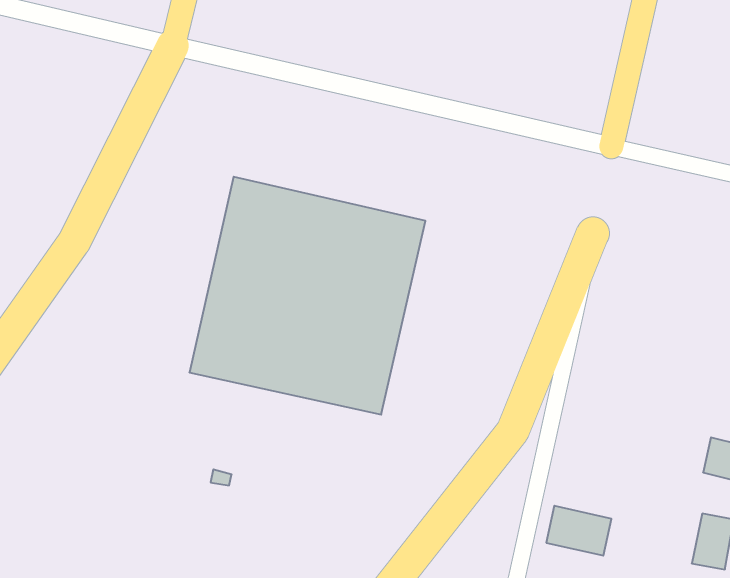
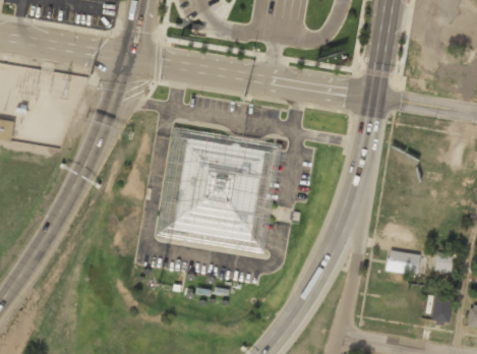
building: [546,506,611,556] -> [386,250,421,276]

